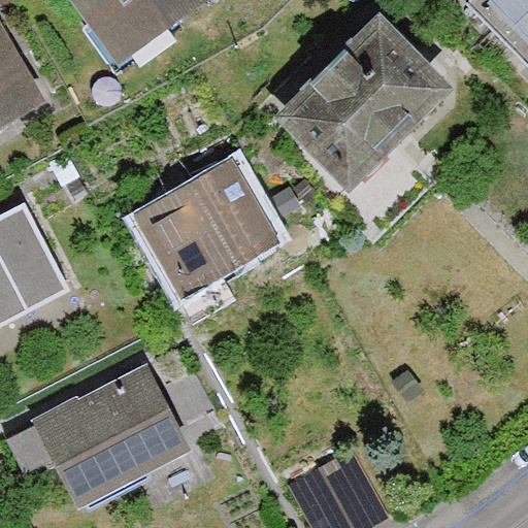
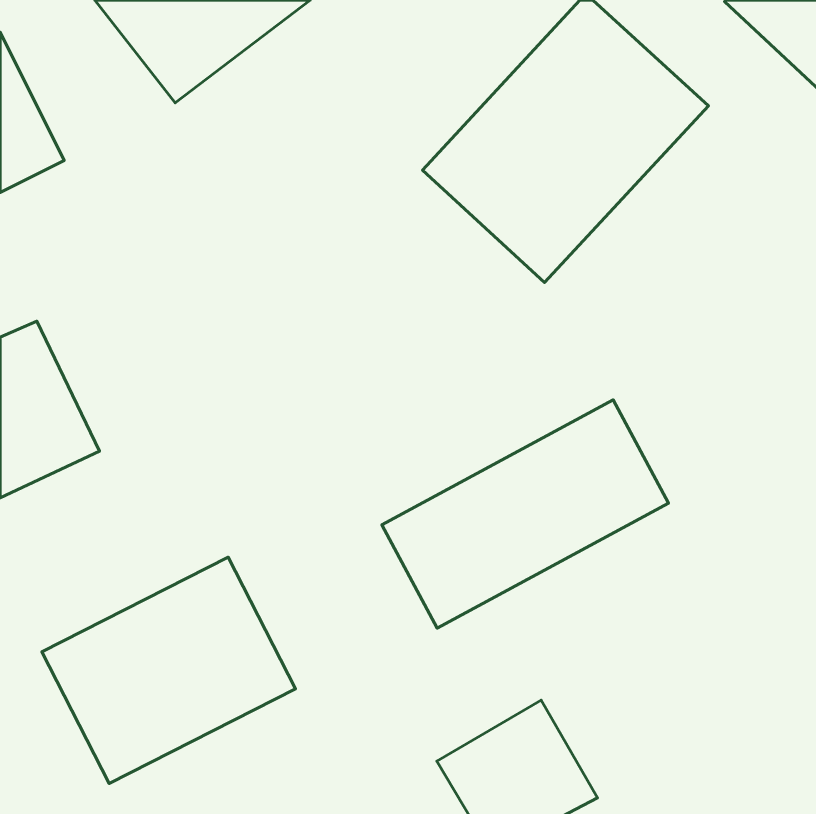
building: [133,157,276,293] -> none
building: none -> [382,400,668,628]

